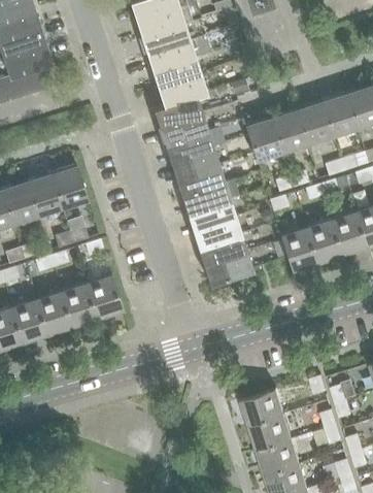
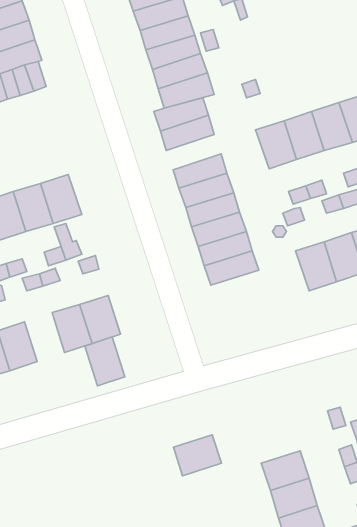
building: [164,130,213,162] -> none
building: [204,253,252,284] -> none
building: [36,291,72,335] -> [85,337,125,386]
building: [241,390,284,427] -> [173,435,221,476]

